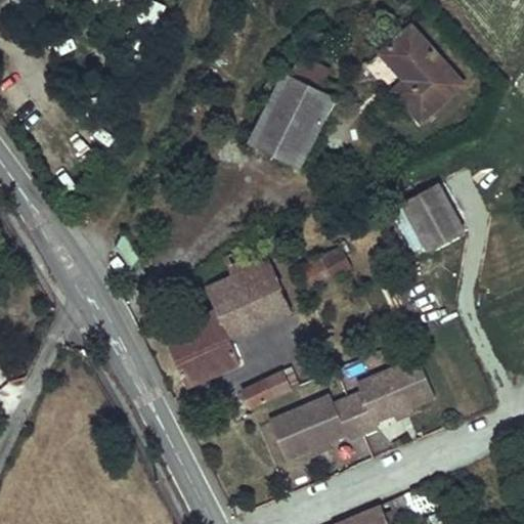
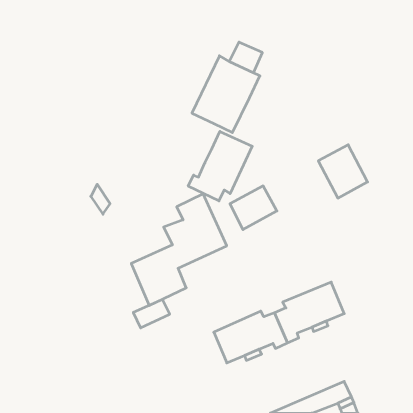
building: [377,26,458,121] -> none
building: none -> [188,131,252,201]
building: [243,375,289,410] -> [133,300,170,328]

